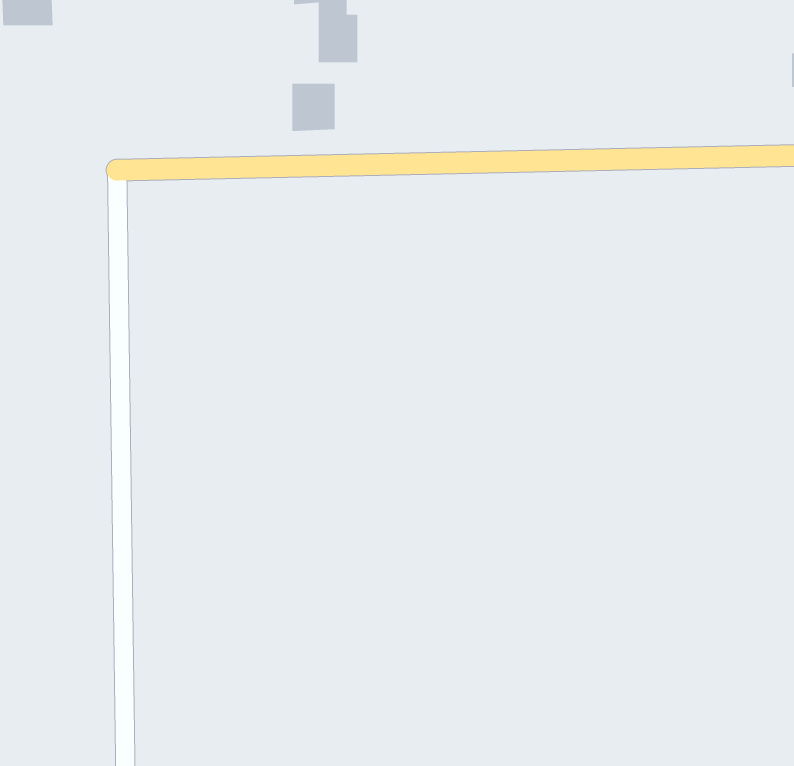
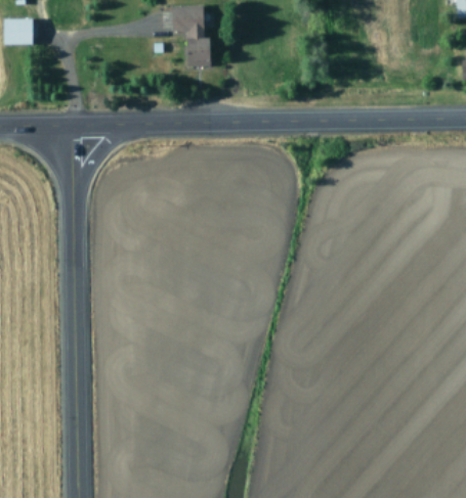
building: [291,83,336,132] -> none

